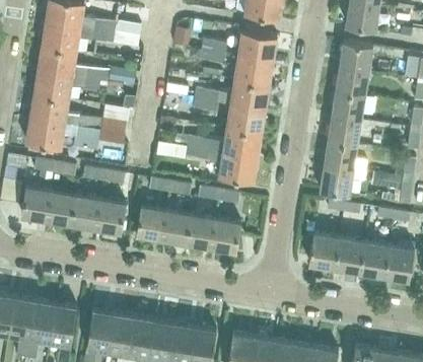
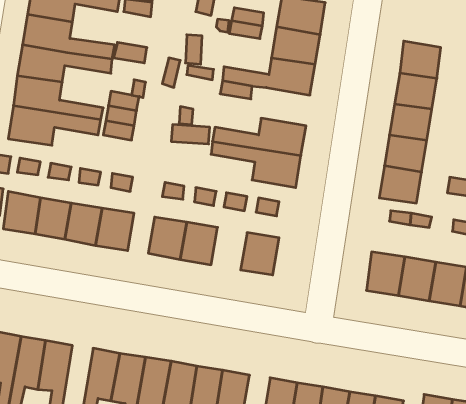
building: [339,42,372,71] -> none
building: [226,102,265,133] -> none
building: [187,213,215,246] -> none

